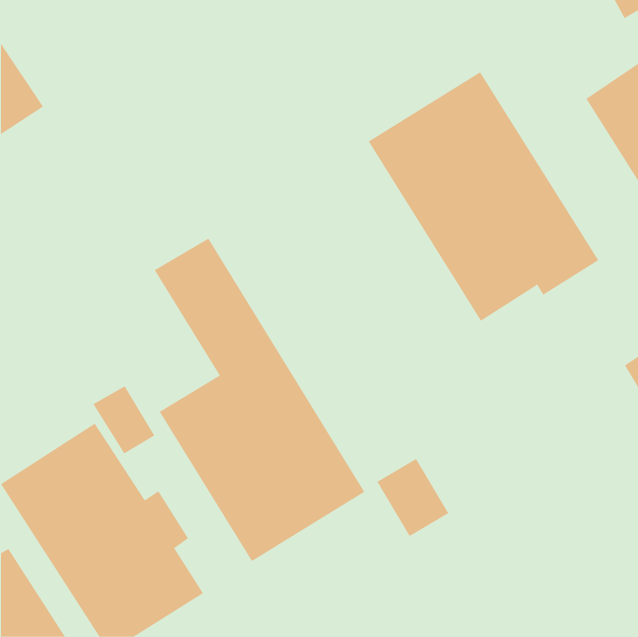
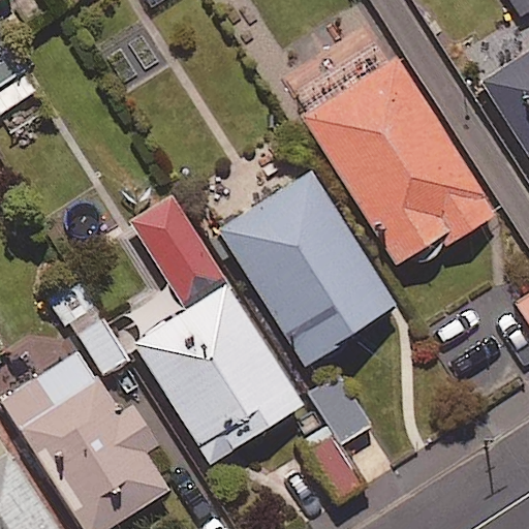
building: none -> [219,173,397,366]

